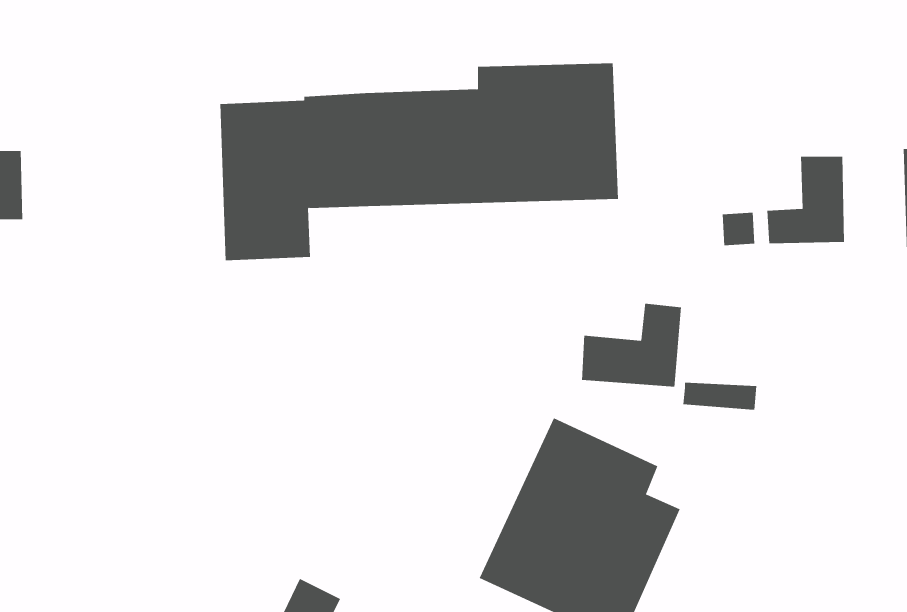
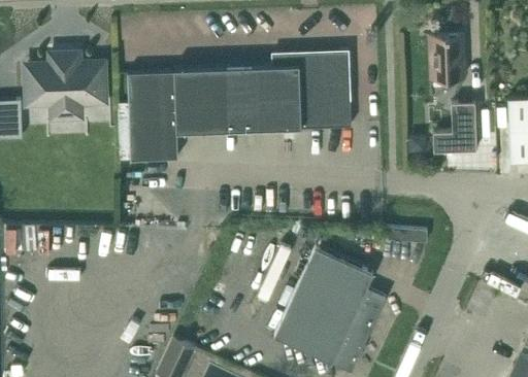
building: none -> [423,36,464,80]
building: none -> [23,50,108,123]
building: [581,303,681,388] -> none

